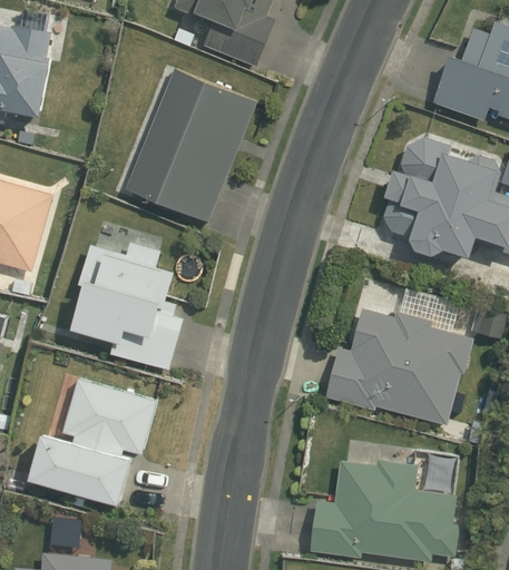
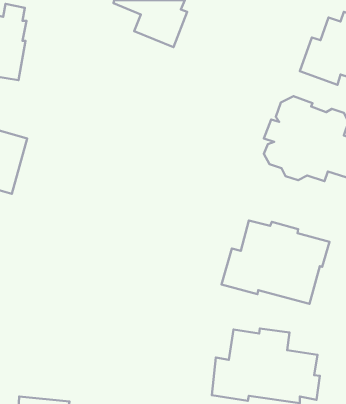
building: [125,69,257,223] -> none
building: [68,242,184,371] -> none
building: [27,379,155,503] -> none

